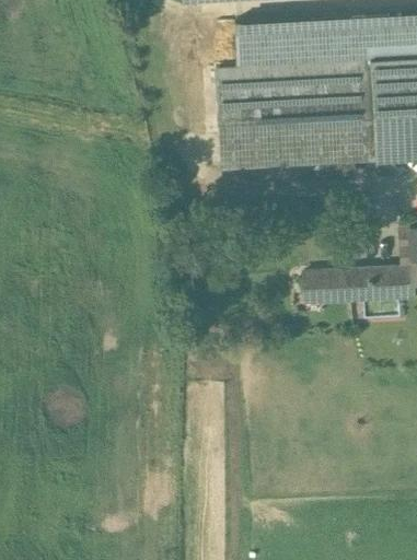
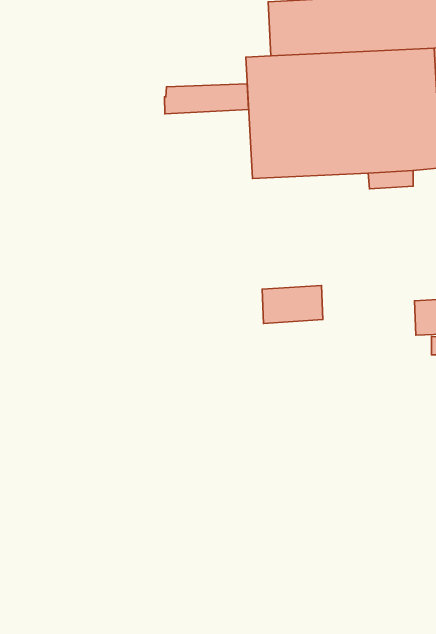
building: none -> [164,84,249,114]
building: [306,271,357,303] -> [262,285,323,324]

